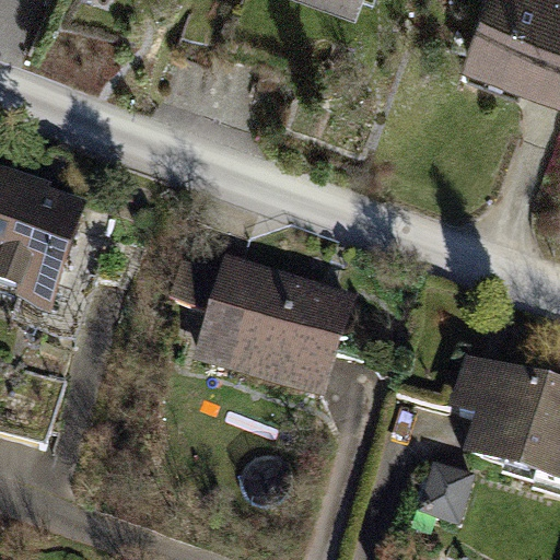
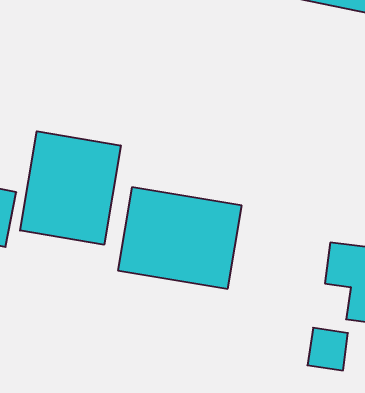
building: none -> [20,131,121,245]

